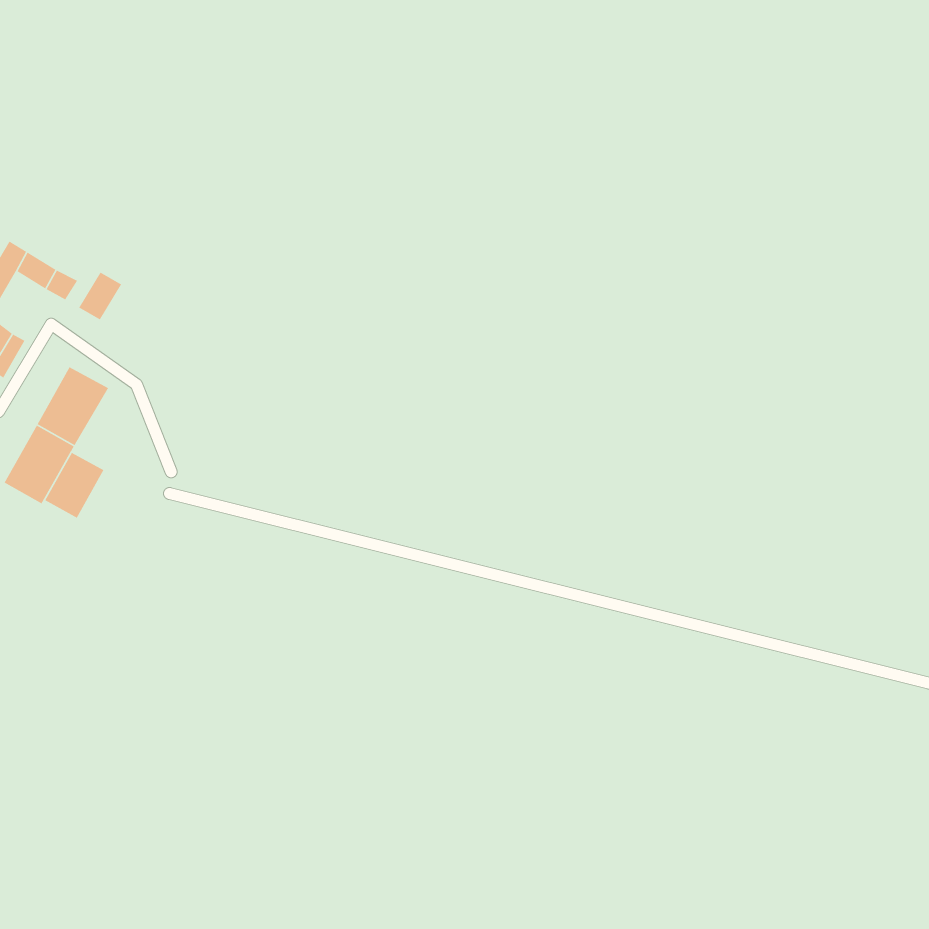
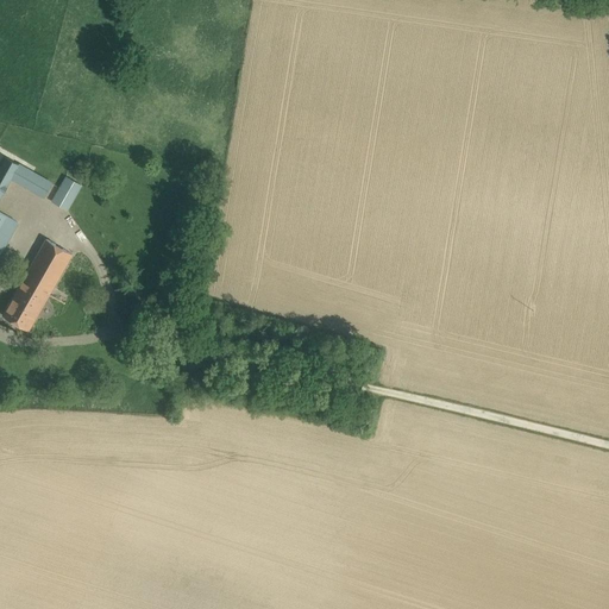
building: [44,452,105,519] -> none

